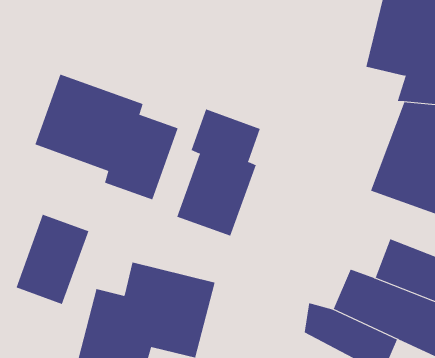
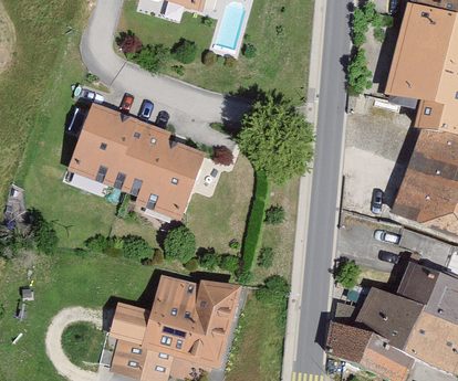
building: [177,109,261,237] -> none
building: [16,214,89,305] -> none

